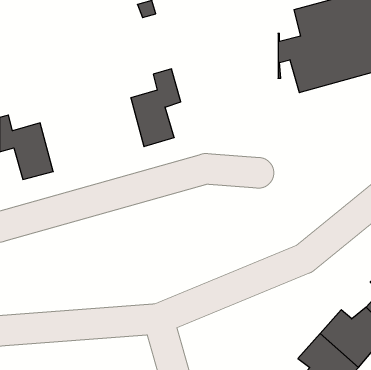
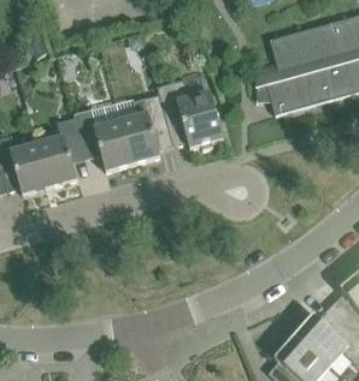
building: none -> [157,78,223,148]
building: none -> [37,108,133,186]

